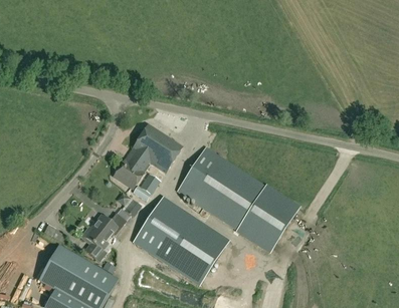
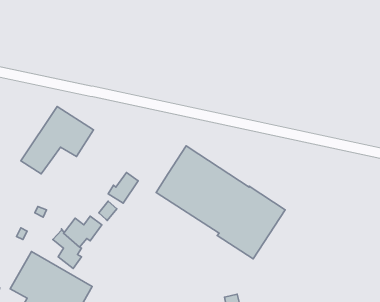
building: [113,123,181,187] -> [21,106,93,174]
building: [133,197,227,283] -> none

